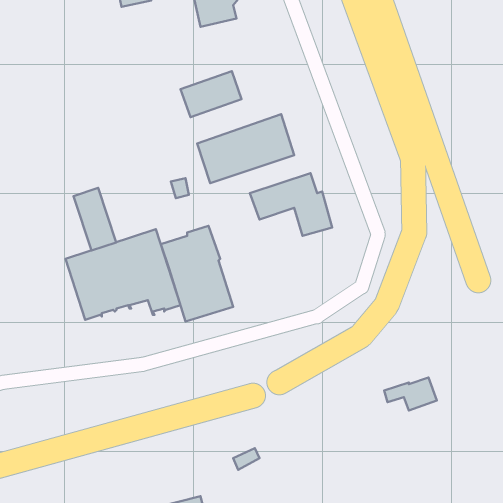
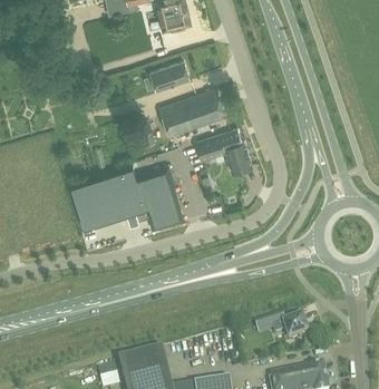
building: [74,188,116,250] -> none
building: [384,377,437,410] -> [270,314,305,337]

